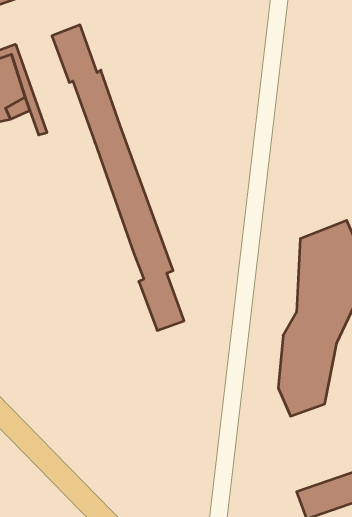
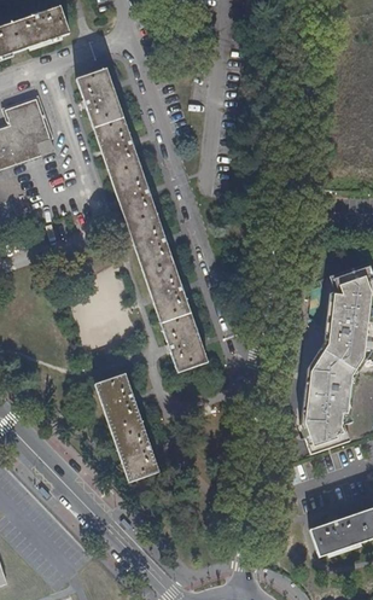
building: none -> [94,371,157,479]

